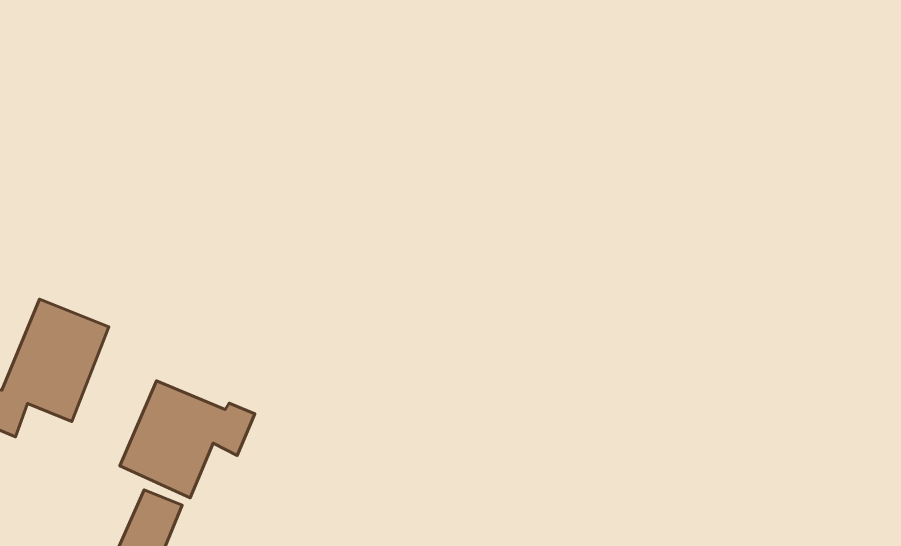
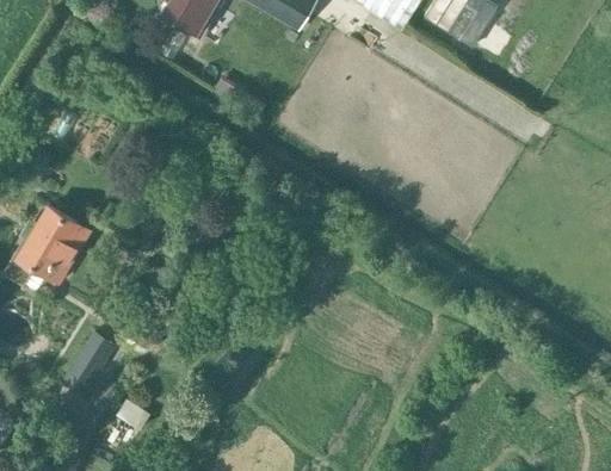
building: [120,381,255,498] -> none

